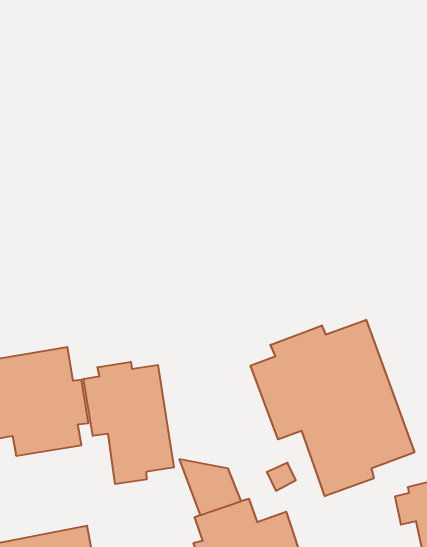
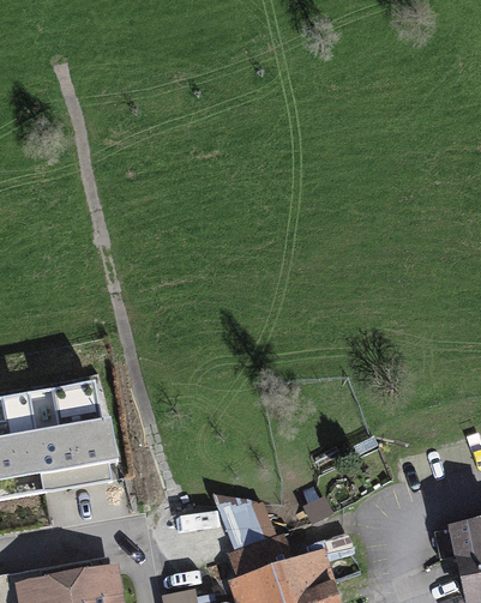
building: [250,320,414,496] -> none
building: [83,362,174,484] -> none

